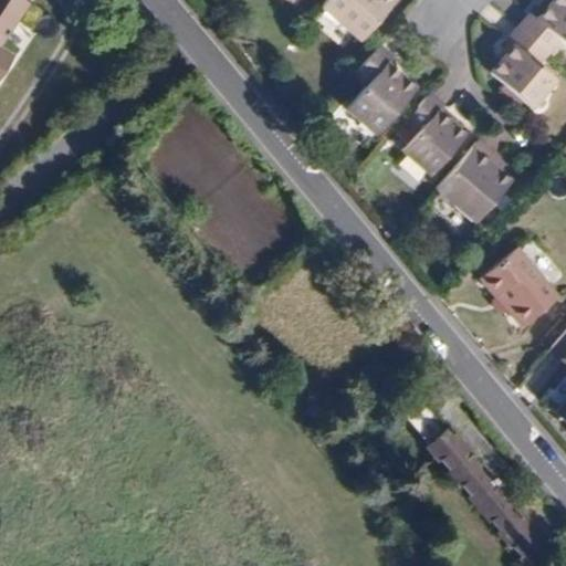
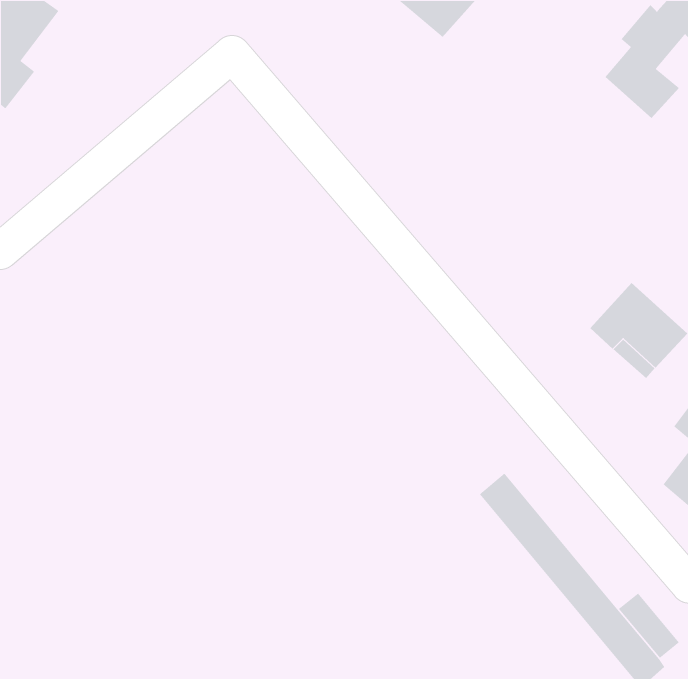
building: [350,42,419,132] -> none
building: [402,90,465,172] -> none
building: [437,140,511,223] -> none

